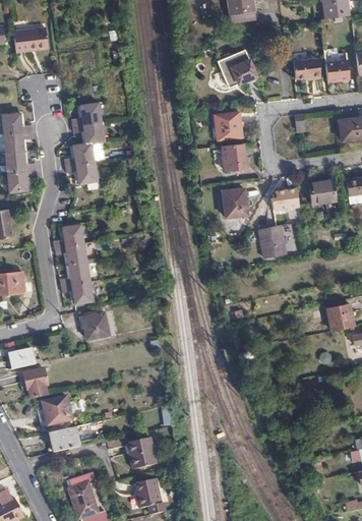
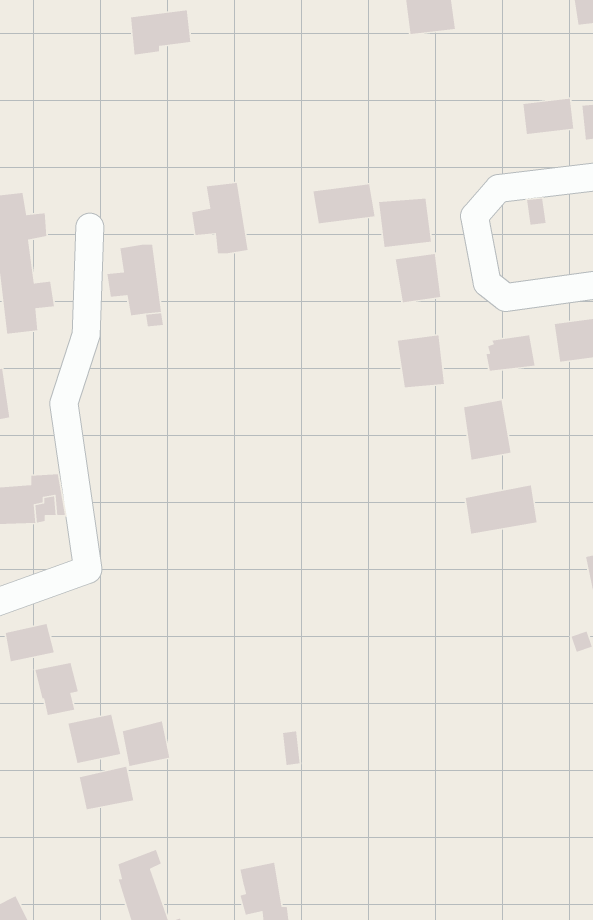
building: [14,25,48,51] -> [130,9,191,56]
building: [216,64,250,86] -> [312,184,375,224]
building: [70,99,102,138] -> [191,182,248,254]
building: [54,225,92,303] -> none
building: none -> [465,484,538,534]
building: [79,312,108,340] -> none
building: none -> [122,720,170,767]
building: [127,437,156,468] -> none

